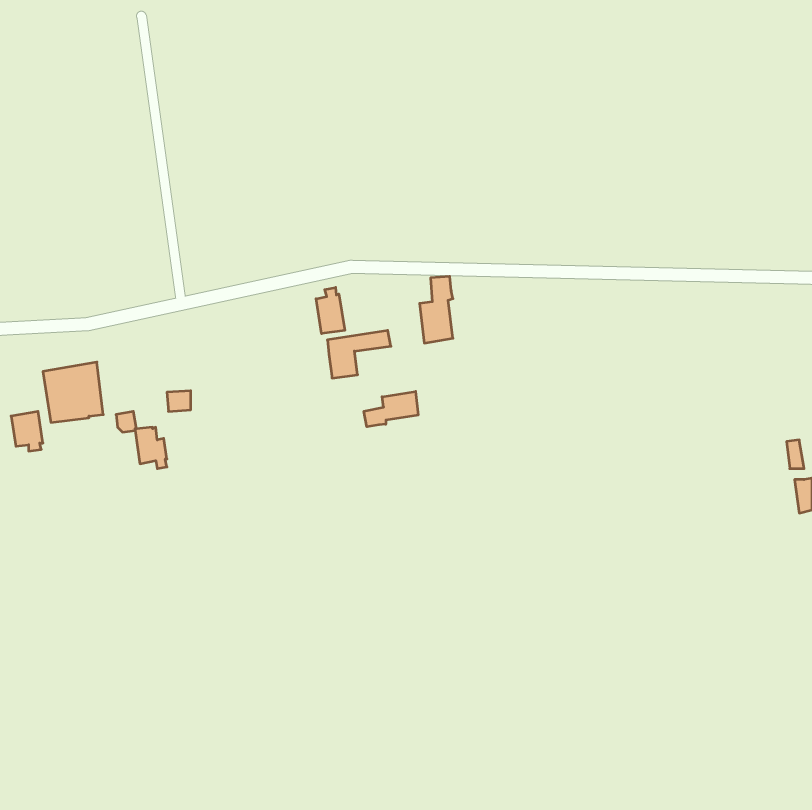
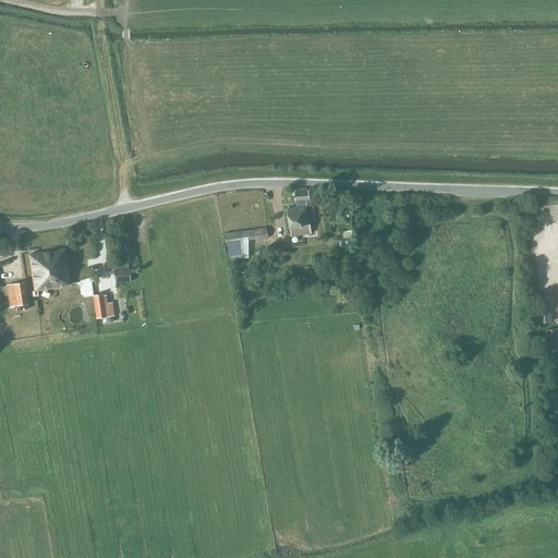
building: [316,287,345,334] -> none
building: [364,391,418,427] -> none

